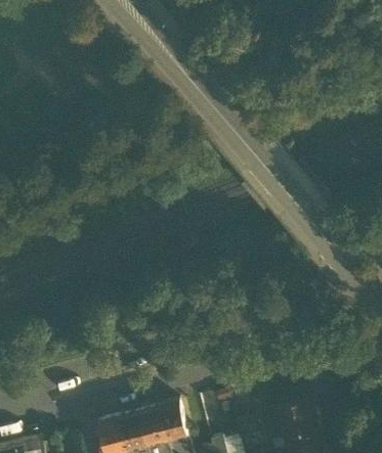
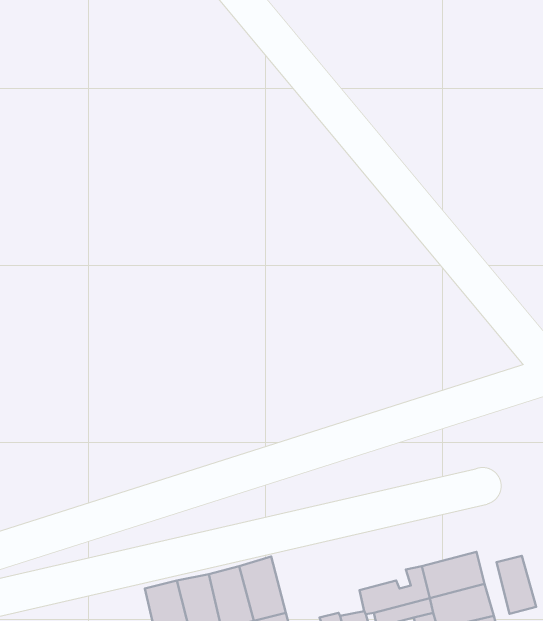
building: none -> [497,556,536,614]

